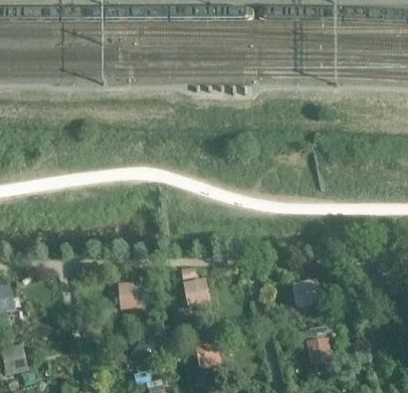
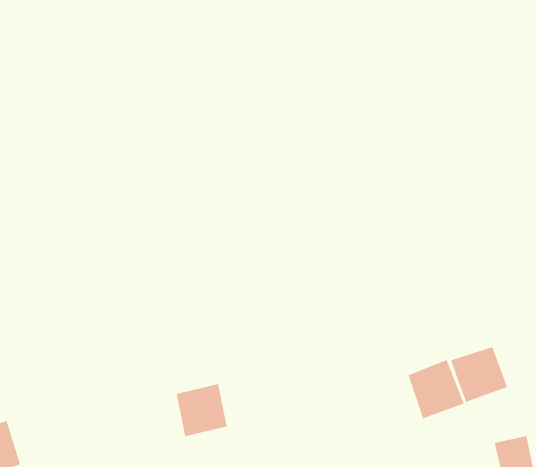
building: [181,275,212,309] -> none
building: none -> [408,359,464,419]

